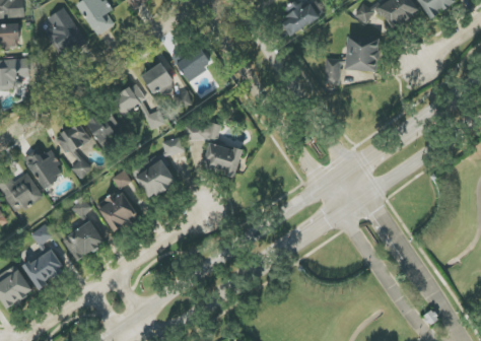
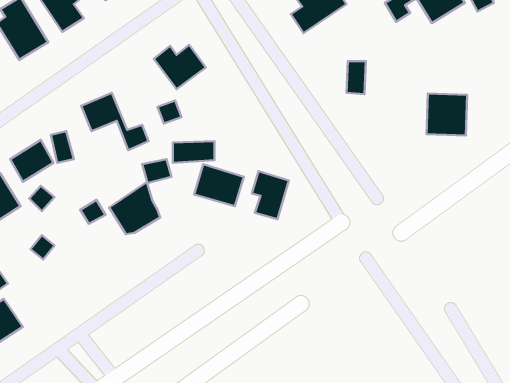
building: [346,38,379,71] -> [427,94,467,135]
building: [141,63,176,96] -> none
building: none -> [252,171,289,219]
building: [100,190,137,229] -> none
building: [62,220,105,261] -> none

